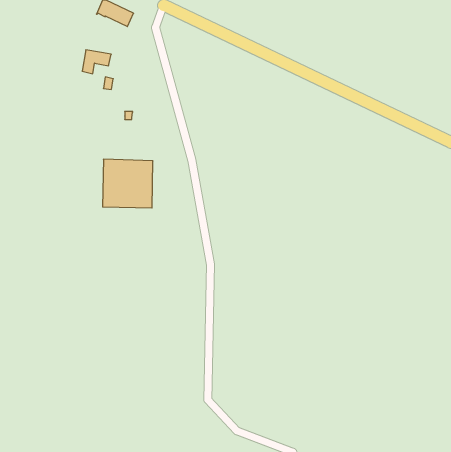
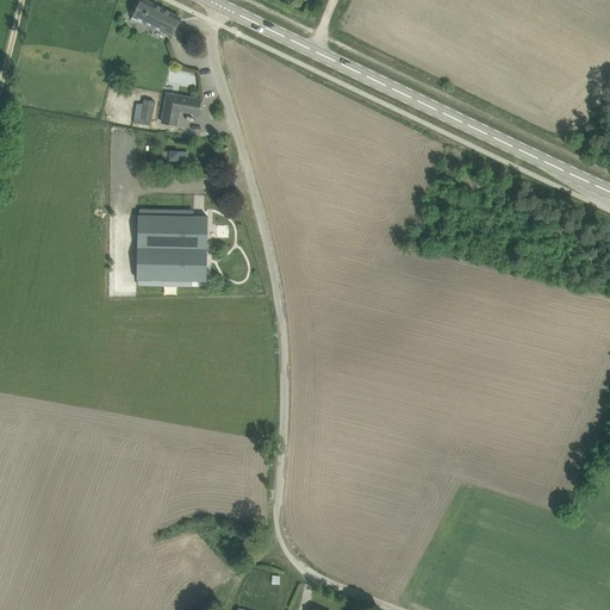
building: [82,50,111,74] -> [161,93,200,125]

